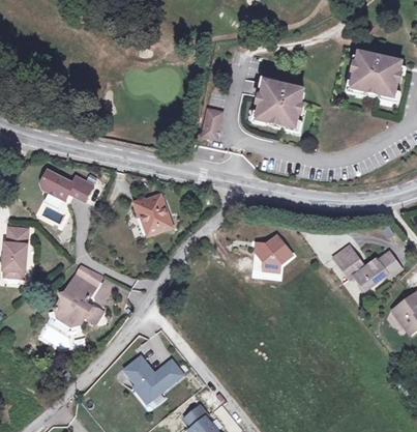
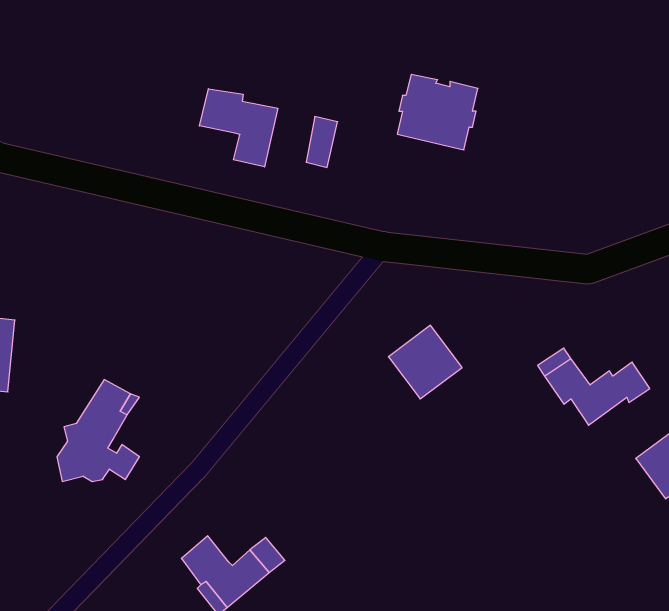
building: [348,53,398,97] -> none
building: none -> [199,89,278,167]
building: [34,167,91,202] -> none
building: [135,195,172,235] -> none

